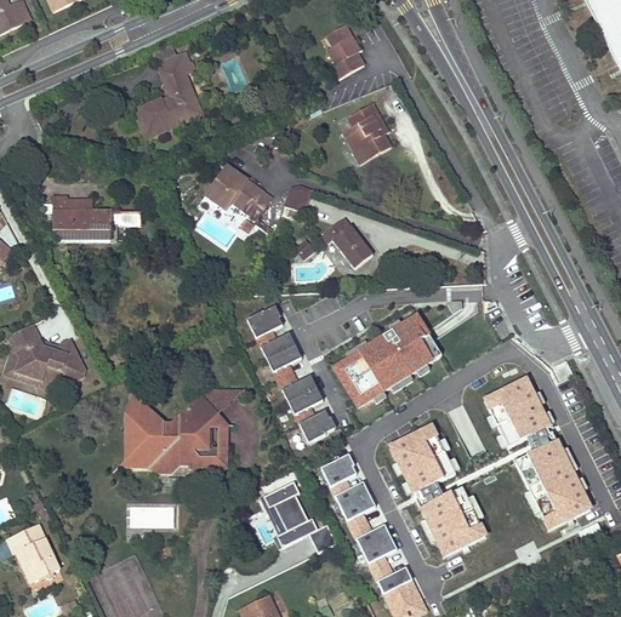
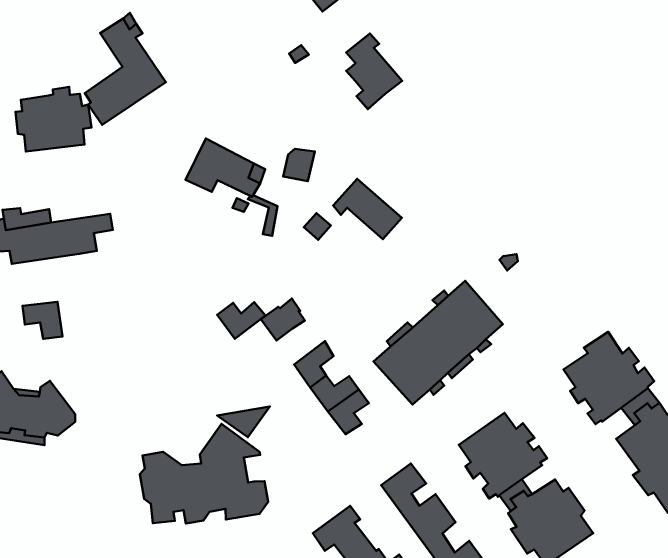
building: none -> [15,87,91,151]
building: none -> [22,302,62,339]
building: [256,329,295,358] -> [217,302,266,339]
building: [298,409,335,440] -> none

